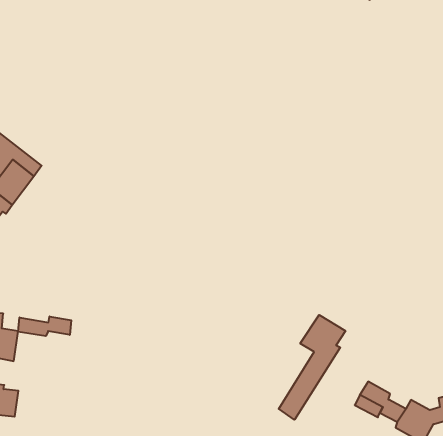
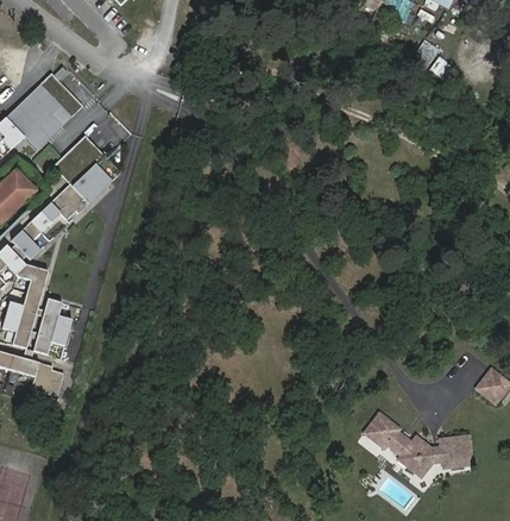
building: [279,315,345,420] -> none
building: [18,316,71,336] -> none

